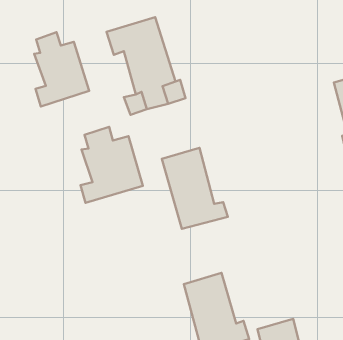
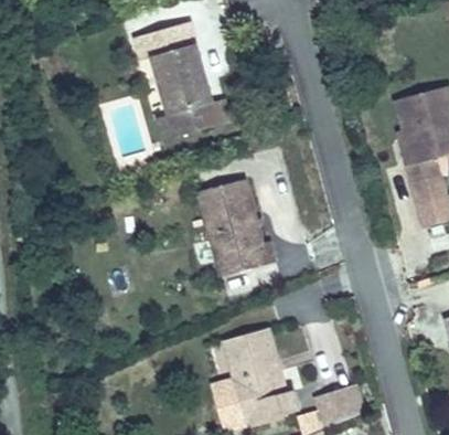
building: [34,32,89,106] -> none
building: [80,127,143,203] -> none

